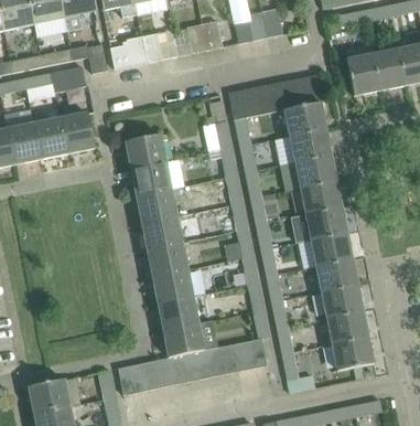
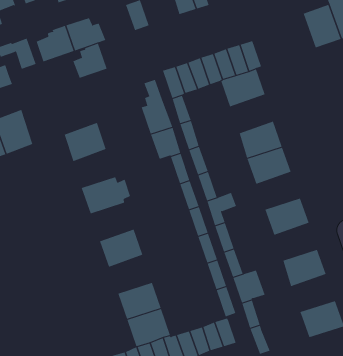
building: [174,23,207,55] -> [72,43,108,78]
building: [346,54,380,95] -> none
building: [290,128,331,162] -> none
building: [131,161,171,195] -> none
building: [305,206,347,239] -> none
building: [141,215,182,249] -> none
building: [316,258,357,291] -> none
building: [152,268,193,302] -> none
building: [326,310,368,343] -> none

